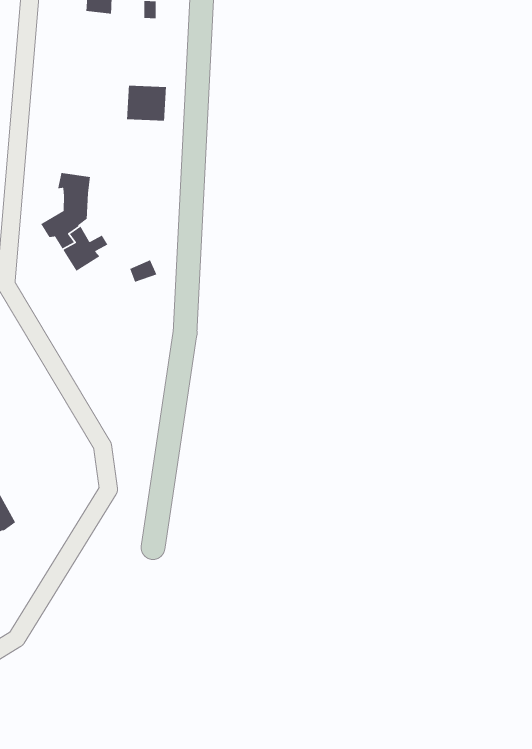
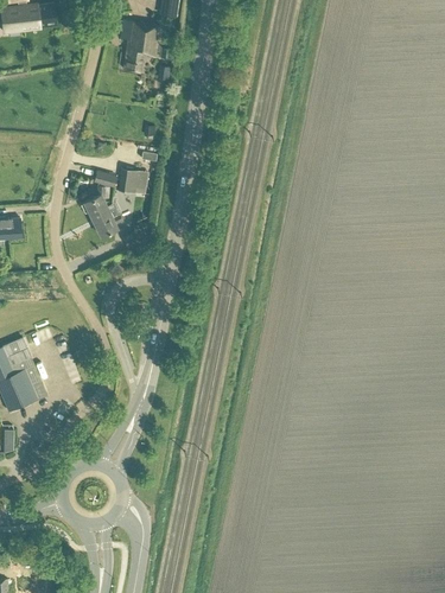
building: [126,85,167,122] -> [117,168,146,195]

